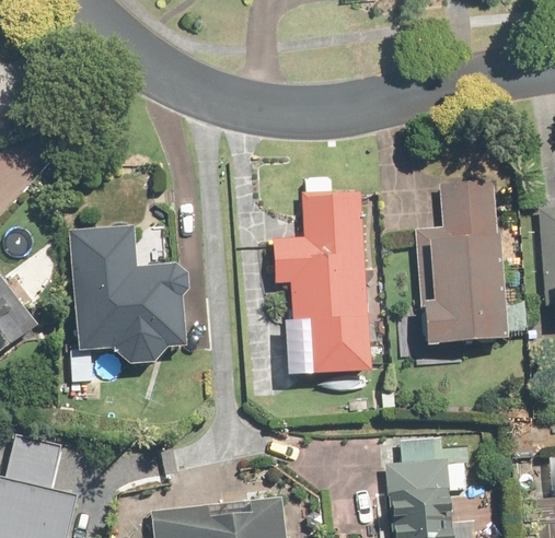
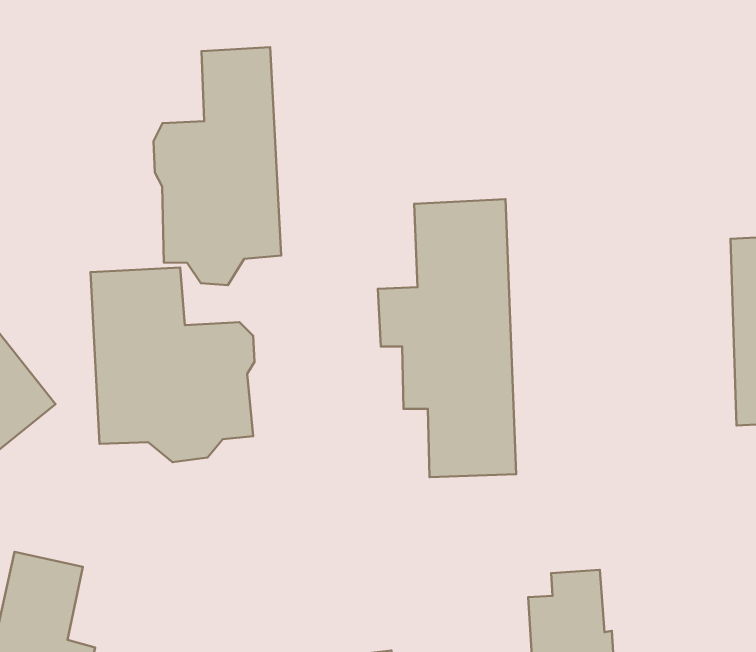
building: none -> [153,47,281,285]
building: [420,180,507,342] -> none

